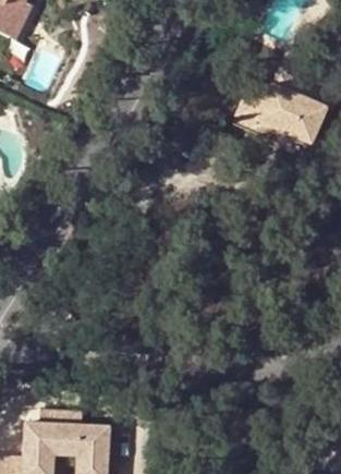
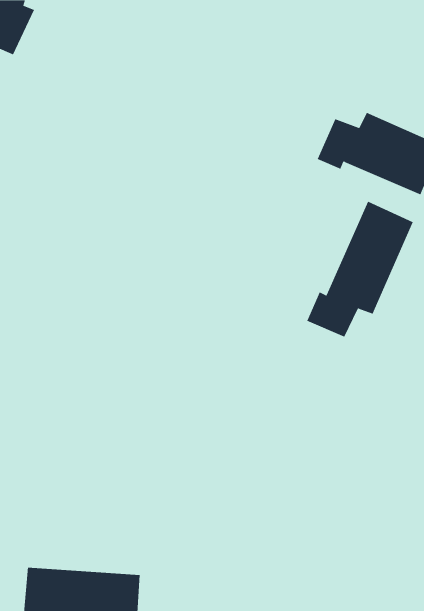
building: none -> [306,201,413,337]

